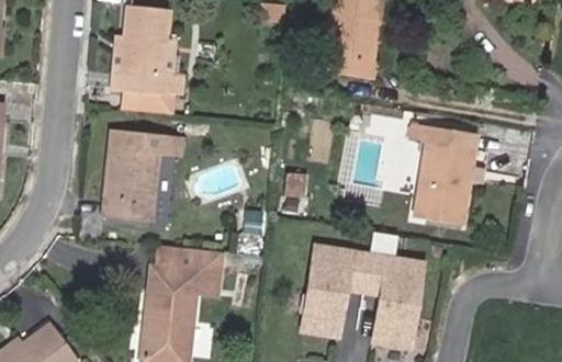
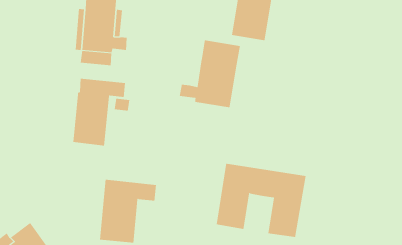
building: none -> [179,40,240,108]
building: [411,124,476,224] -> none
building: [151,245,224,274] -> none

